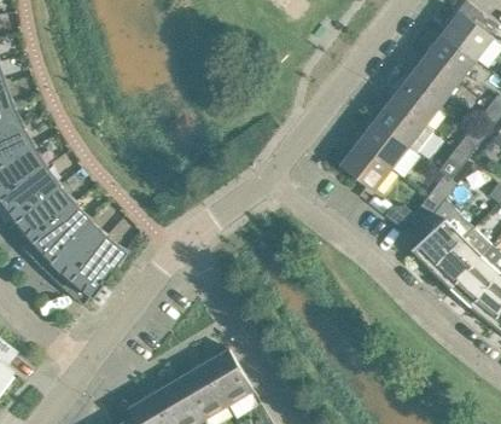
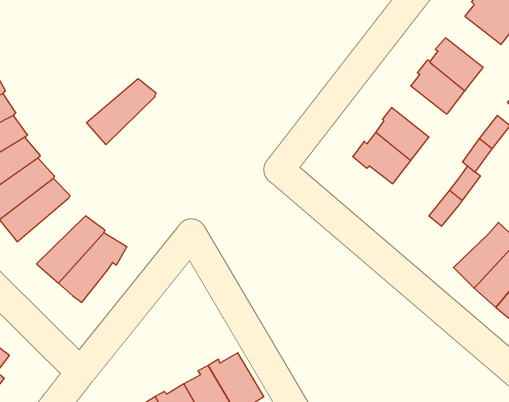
building: [425,34,477,82] -> none
building: [374,99,435,152] -> none
building: [24,204,89,266] -> [87,79,156,145]
building: [413,219,465,269] -> none

